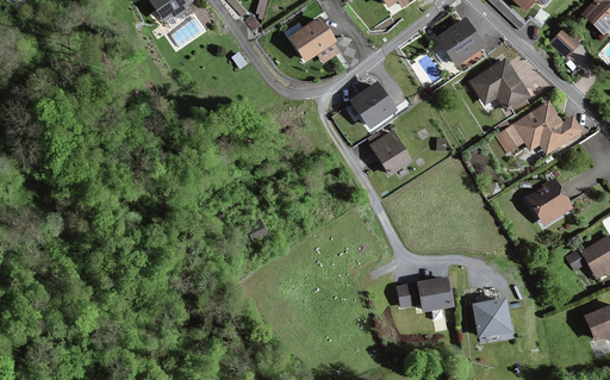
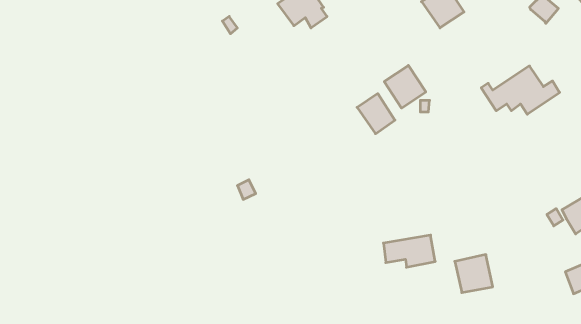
building: [471,60,527,108] -> none
building: [350,82,393,126] -> [384,65,426,108]
building: [528,179,571,223] -> none

